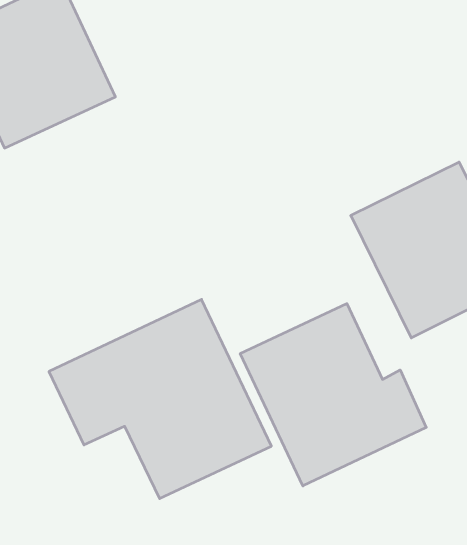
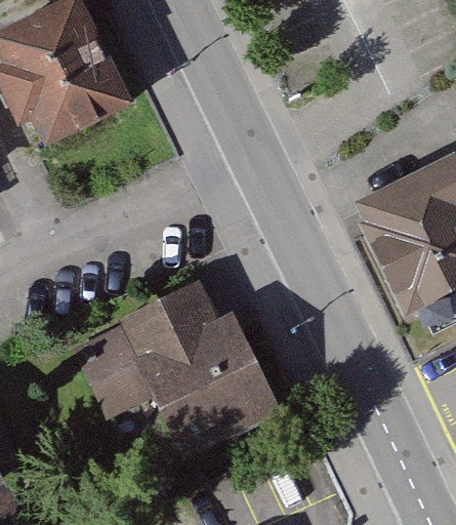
building: [240,304,426,486] -> none

